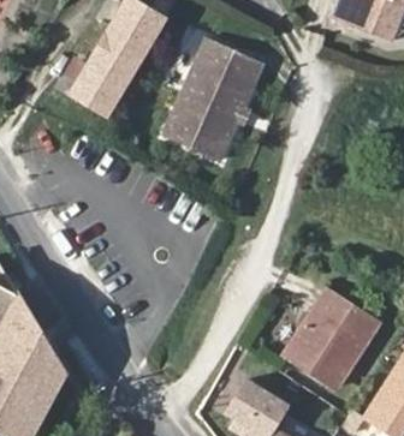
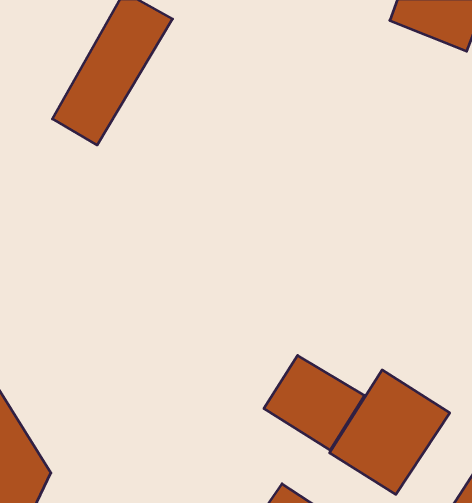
building: [160,41,257,160] -> none
building: none -> [264,355,364,450]

